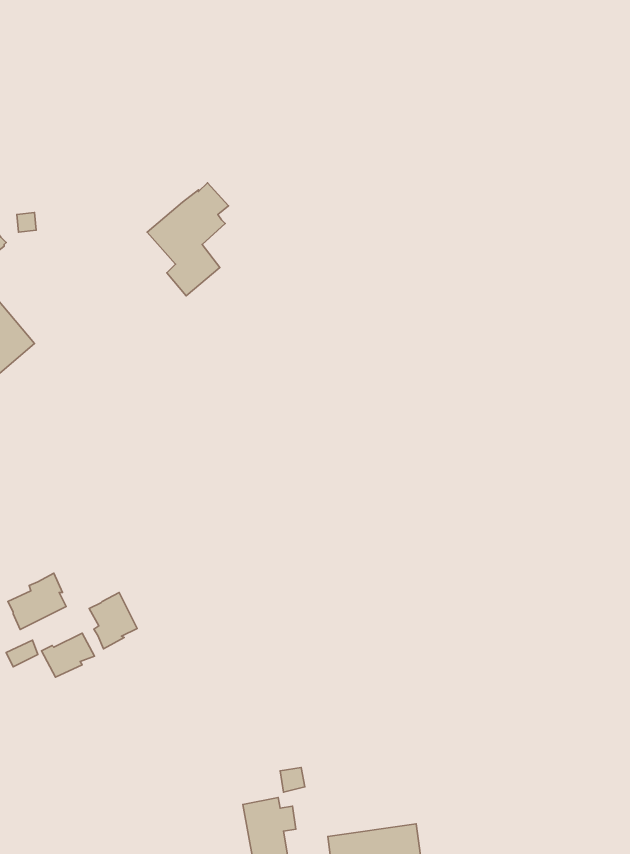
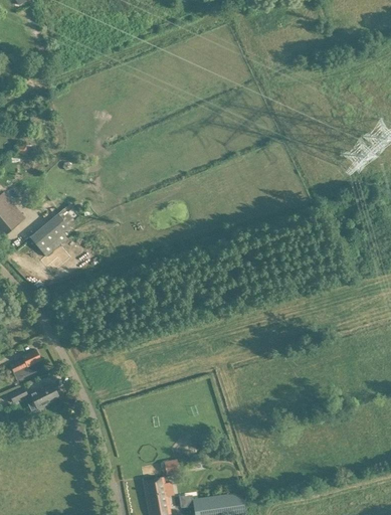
building: [147,183,229,296] -> [29,209,75,274]
building: [89,592,137,649] -> none

